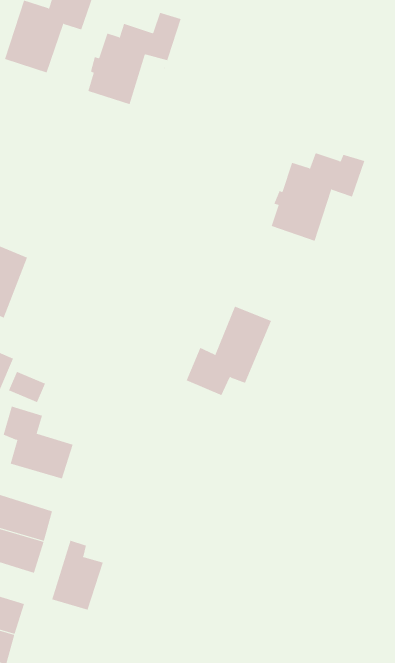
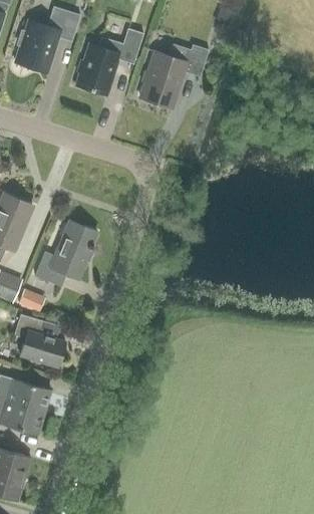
building: [271,153,365,241] -> [139,44,208,108]
building: [186,306,272,396] -> [34,221,96,286]
building: [52,540,104,611] -> none

